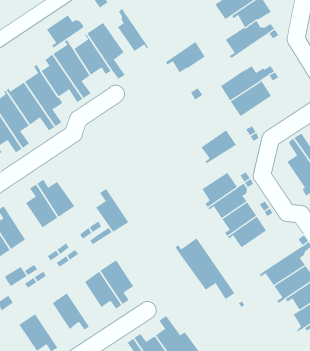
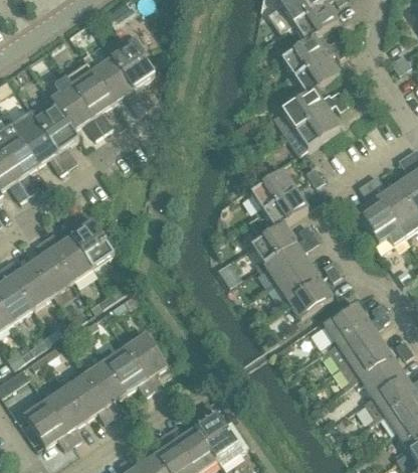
building: [117,8,149,52] -> none
building: [46,14,84,48] -> none
building: [165,41,206,73] -> [288,54,339,95]
building: none -> [257,188,307,227]
building: [95,188,129,233] -> [72,209,115,265]
building: none -> [6,258,53,306]
building: none -> [325,301,369,344]
building: [174,238,235,300] -> none
building: none -> [84,359,127,415]
building: none -> [45,385,87,441]

